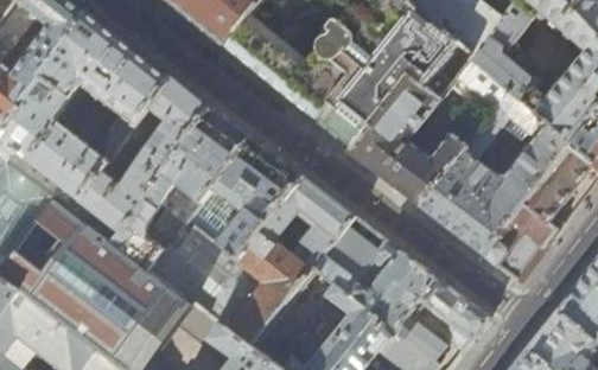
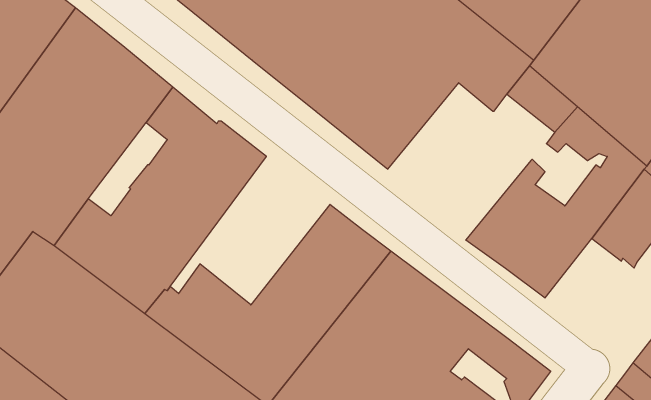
building: [345,75,470,206] -> none
building: [167,136,301,261] -> none
building: [482,205,556,281] -> none

